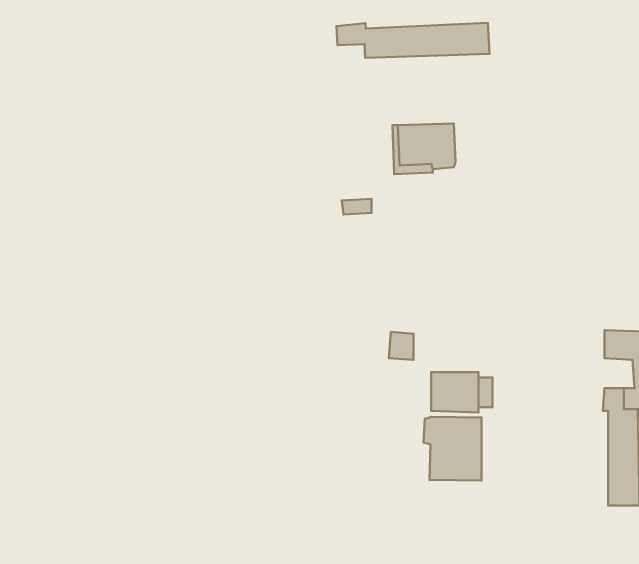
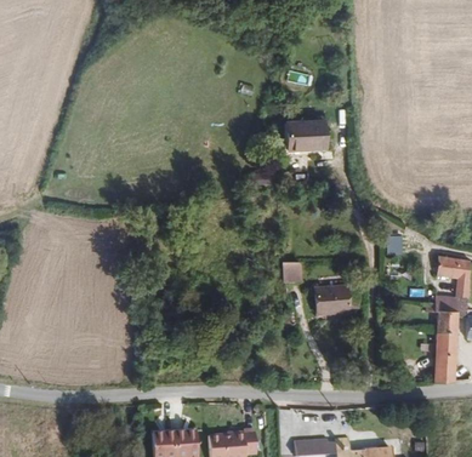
building: [336,23,490,58] -> none
building: [424,417,481,480] -> none

